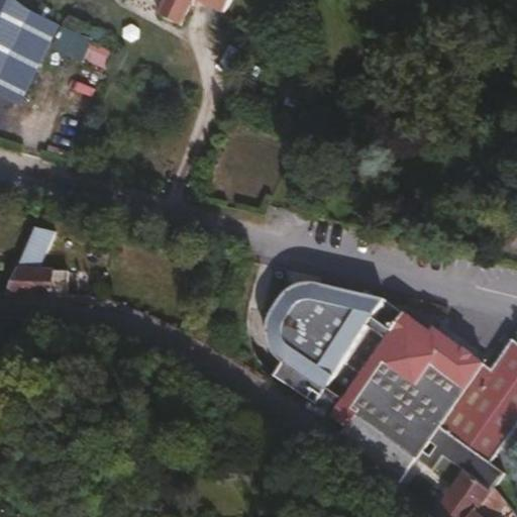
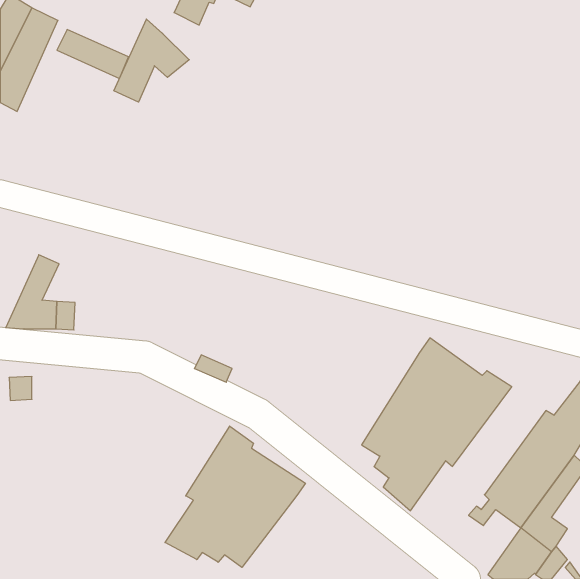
building: none -> [114,19,189,102]
building: [267,282,374,403] -> none
building: [366,343,486,480] -> none
building: none -> [165,426,305,567]

